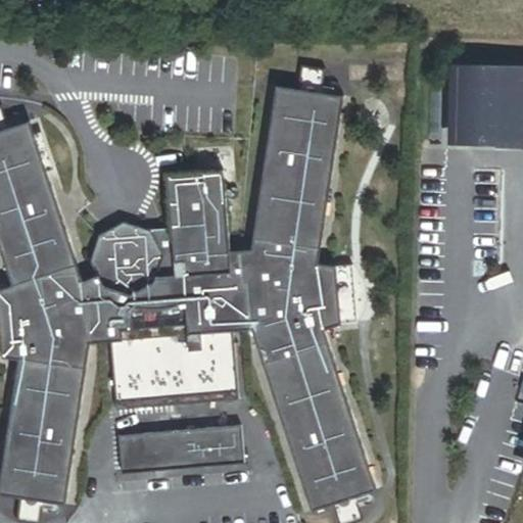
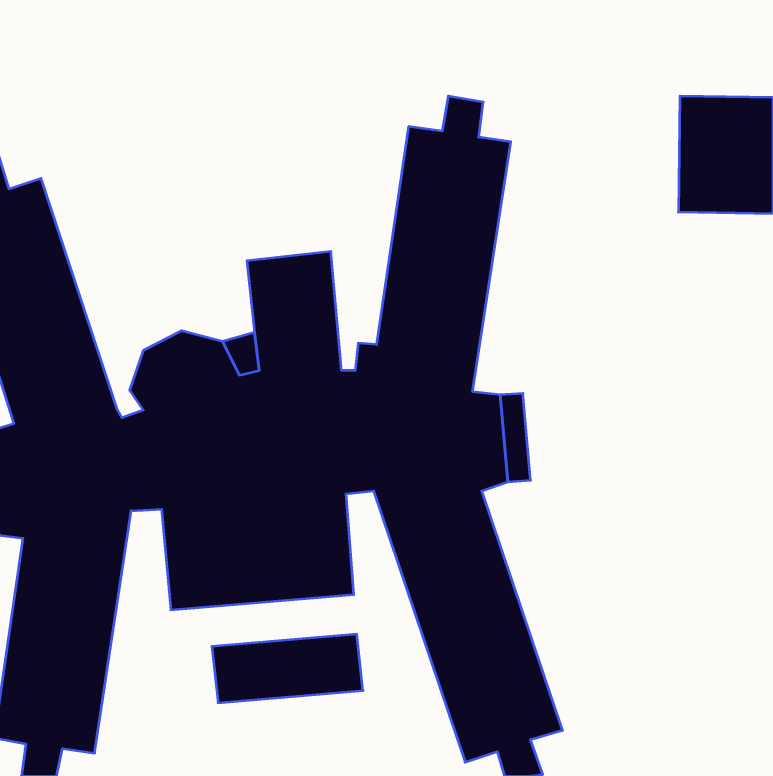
building: [117,433,146,473] -> none

